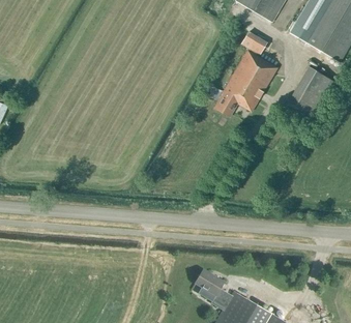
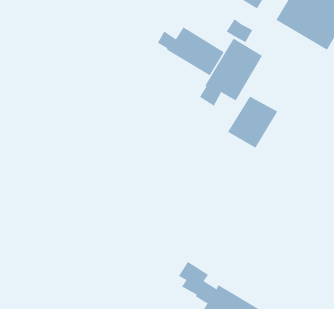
building: none -> [157,27,224,76]
building: [287,66,337,118] -> [227,96,278,149]

